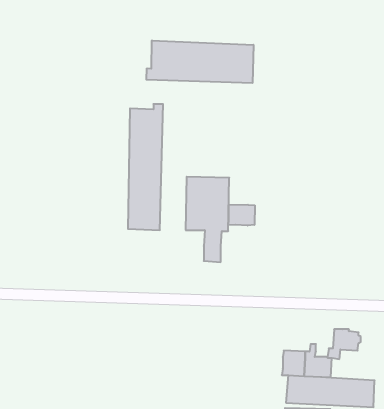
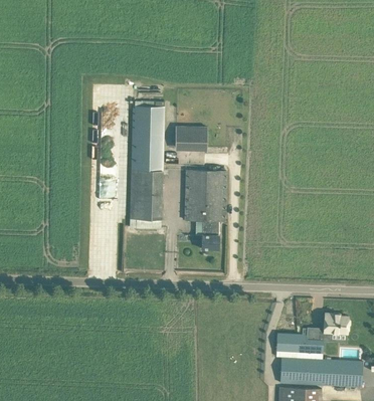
building: [146,40,253,83] -> none
building: none -> [175,126,207,152]
building: [228,205,255,226] -> none

